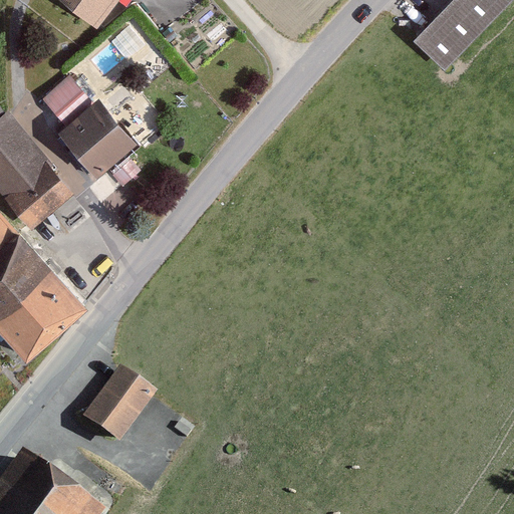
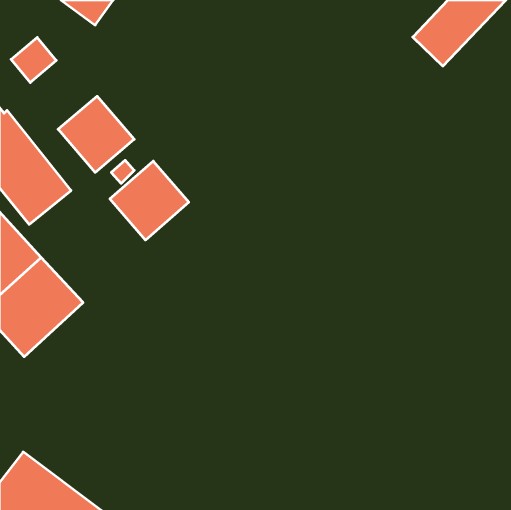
building: [42,76,87,121] -> [11,37,56,83]
building: none -> [110,161,189,240]
building: [82,368,155,445] -> none

